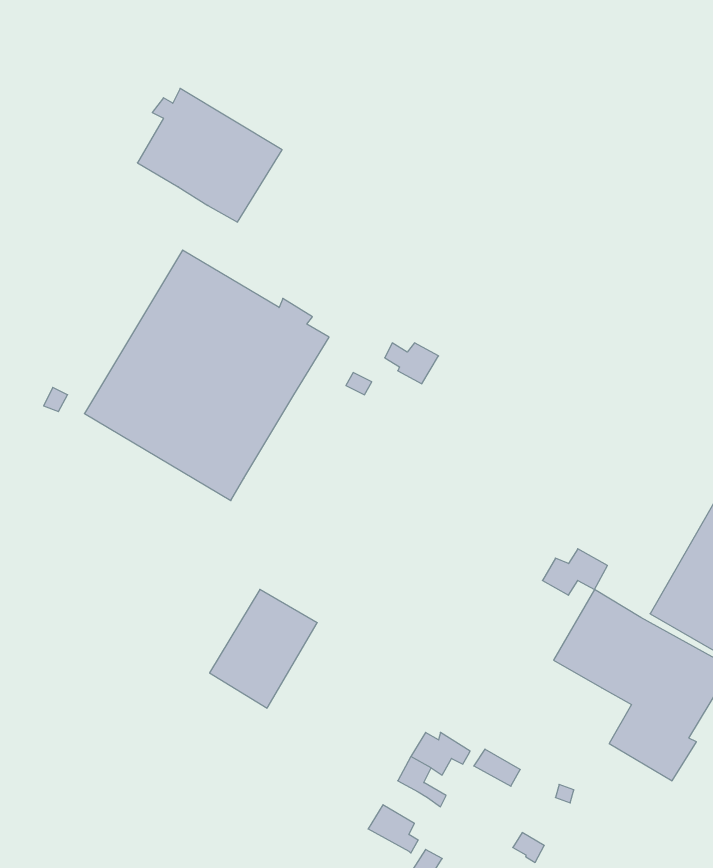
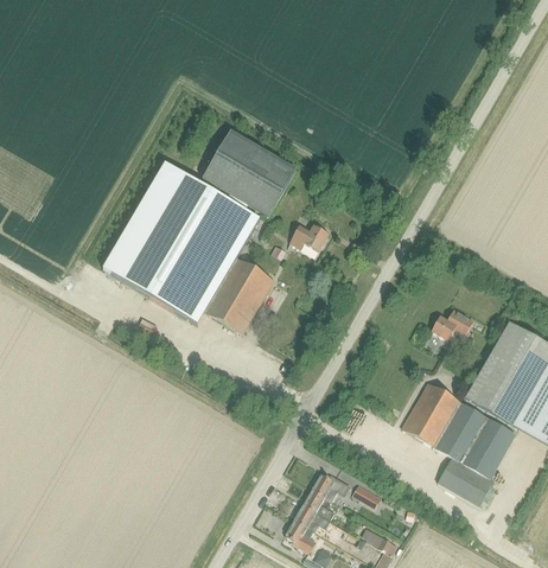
building: [137,88,282,222] -> [203,133,295,218]
building: [542,549,607,595] -> [431,308,472,338]
building: [210,589,317,708] -> [204,257,273,333]
building: none -> [293,504,330,531]

